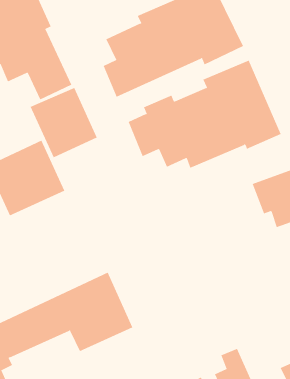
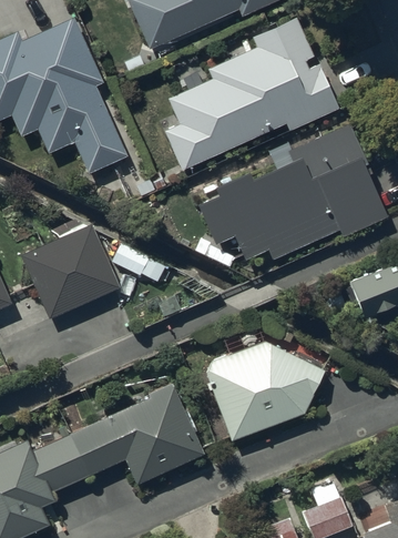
building: [30,87,97,158] -> none
building: none -> [205,339,323,440]

